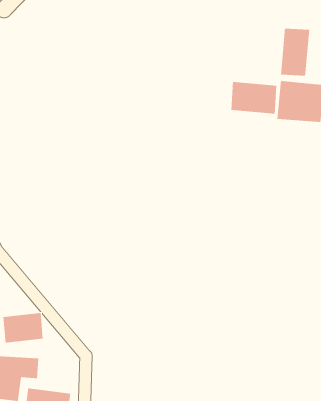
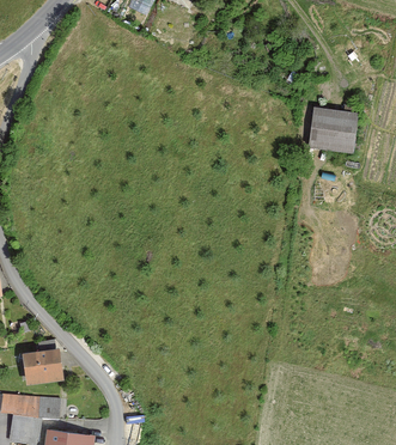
building: [280,28,310,76] -> none
building: [231,81,277,114] -> none

